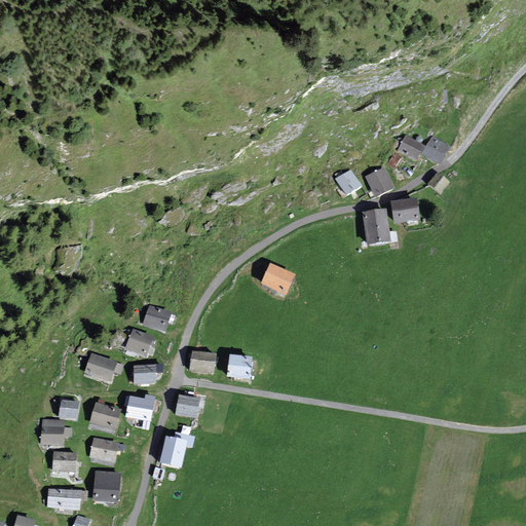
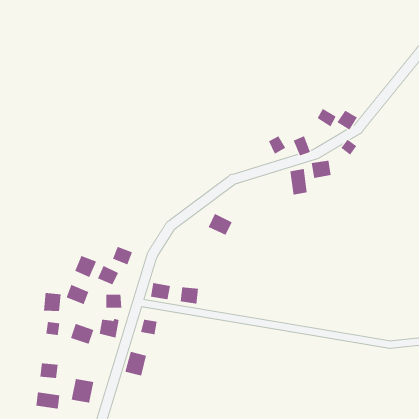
building: none -> [75,255,97,278]
building: [41,418,64,442] -> [43,293,61,312]
building: [90,437,119,461] -> none

